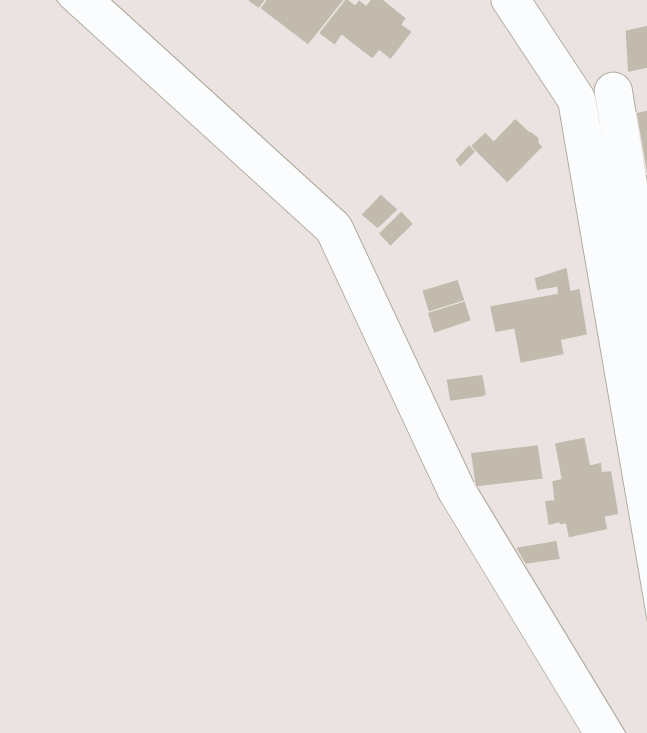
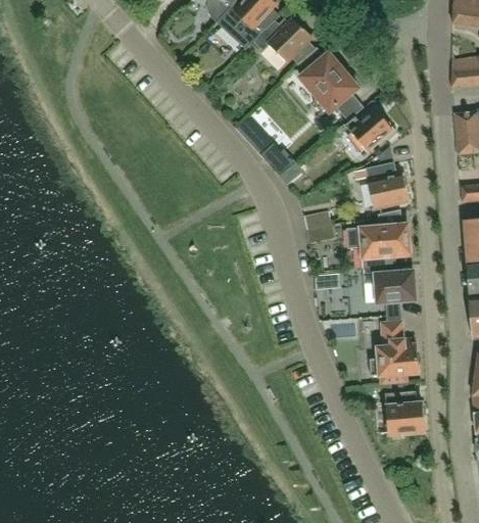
building: none -> [298,47,358,112]
building: none -> [354,163,409,209]
building: none -> [364,267,416,303]
building: none -> [384,383,425,435]

